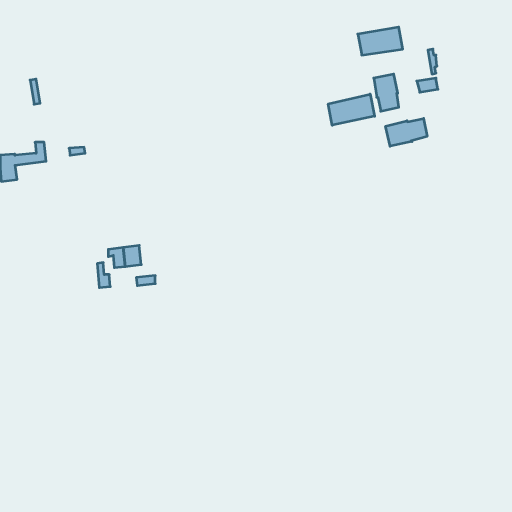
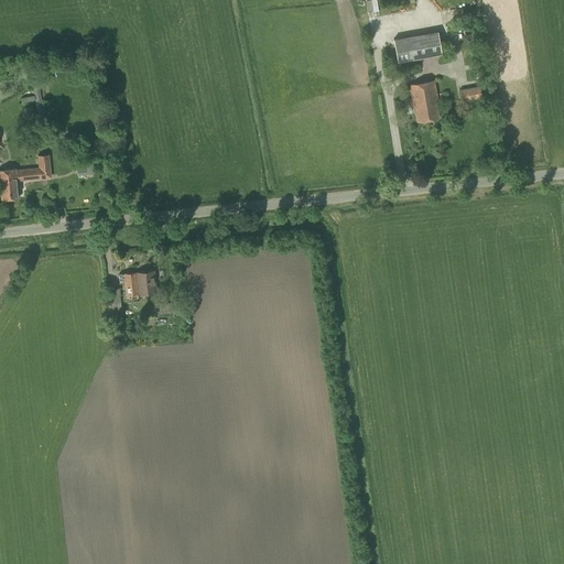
building: [328,94,375,125] -> none
building: [386,118,427,146] -> none

